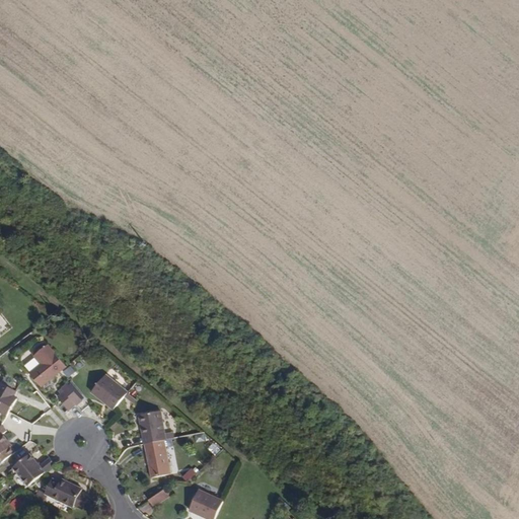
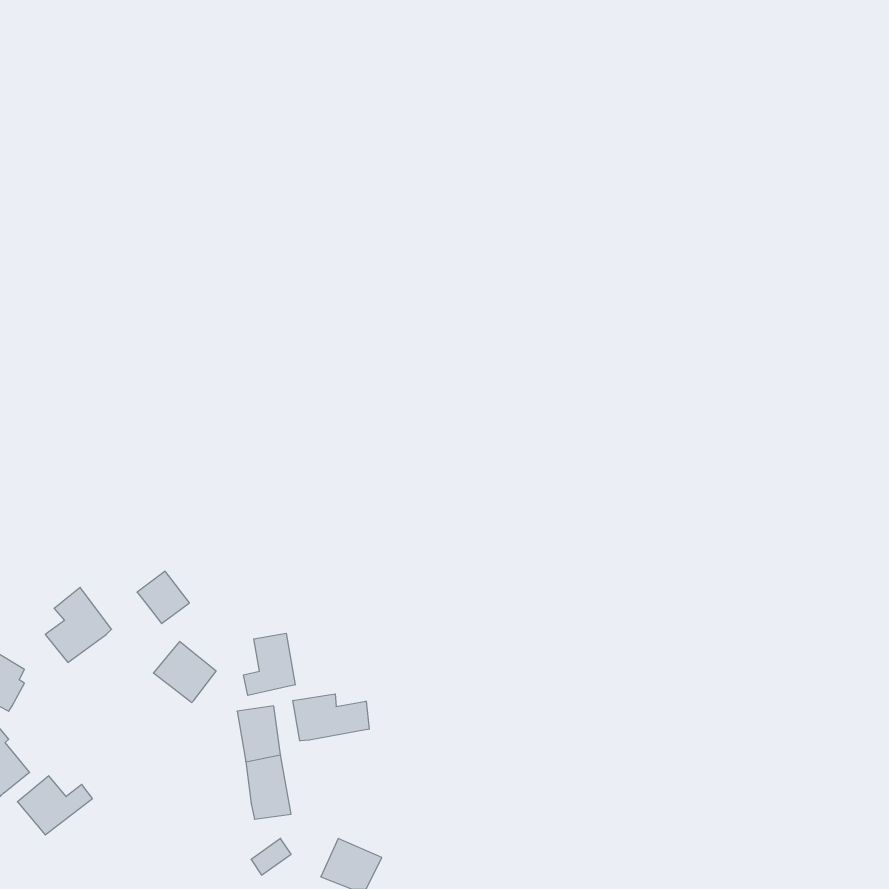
building: none -> [244,633,295,695]
building: [53,379,83,410] -> [137,571,189,624]
building: none -> [293,694,369,741]
building: [43,476,90,510] -> none

